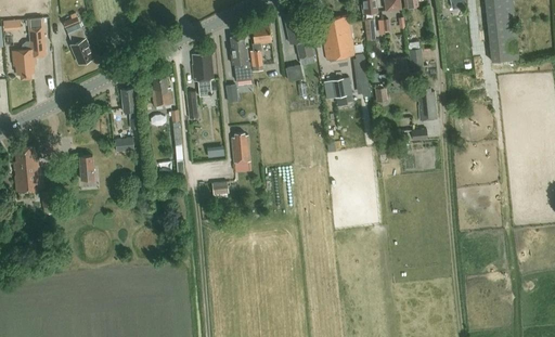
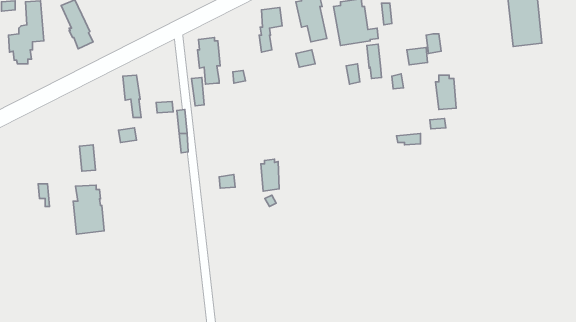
building: [231,36,253,81] -> none
building: [152,76,172,107] -> none
building: [232,133,249,164] -> [261,159,279,191]
building: [13,146,42,193] -> [73,185,104,234]

